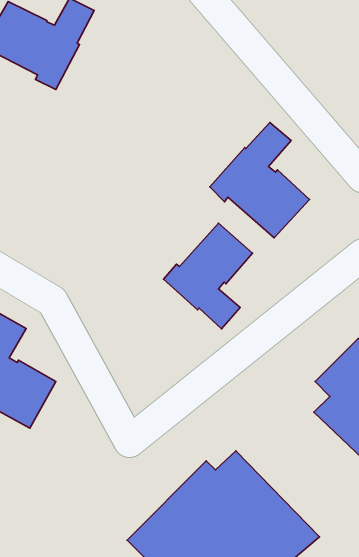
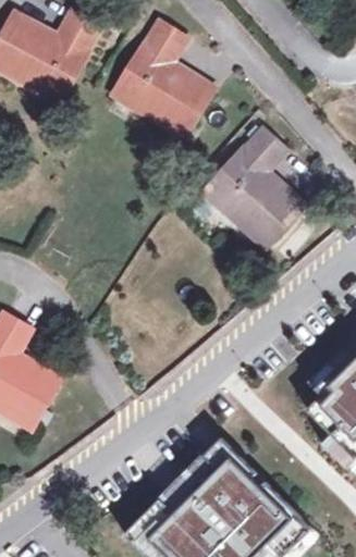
building: none -> [114,21,212,134]
building: [164,223,252,329] -> none

